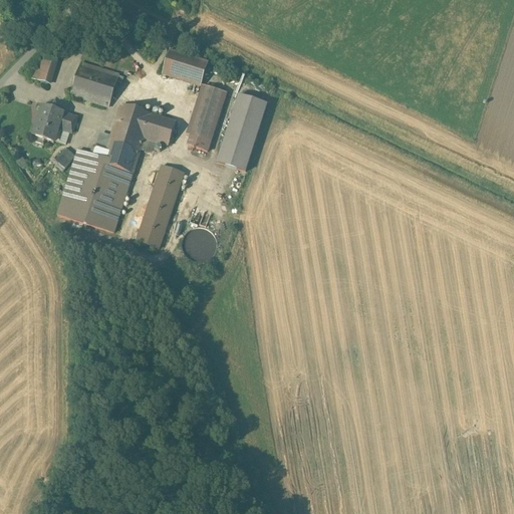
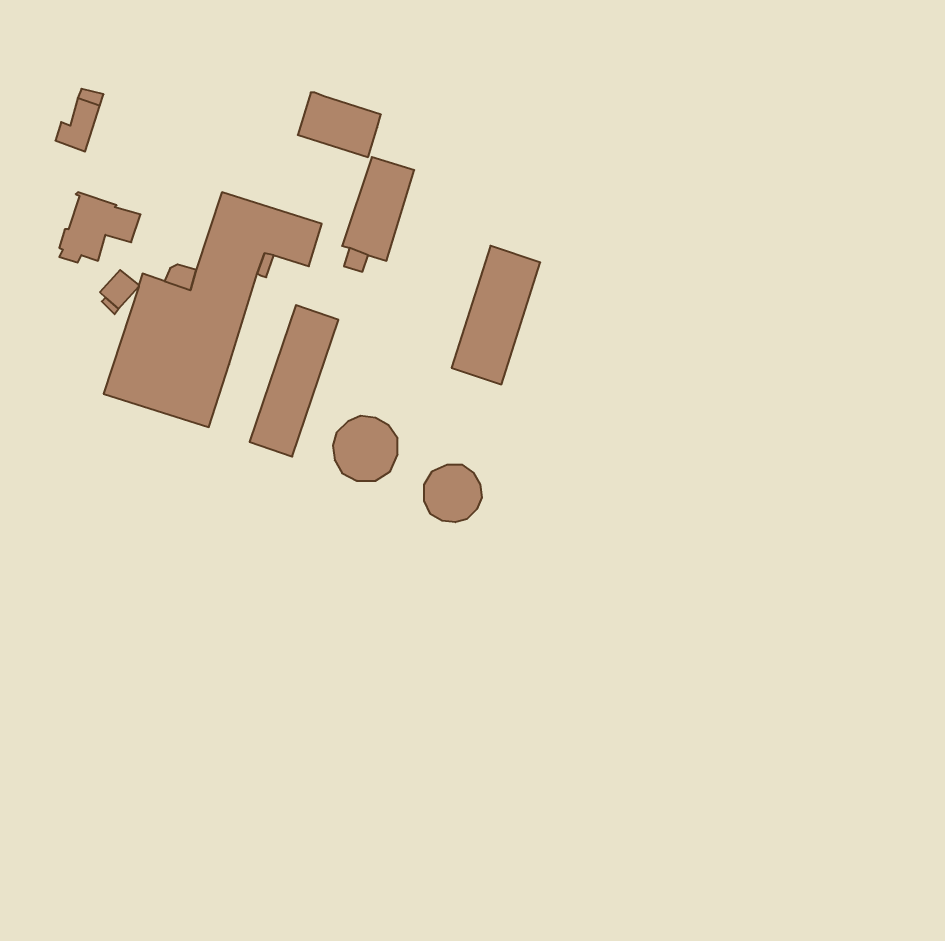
building: [70,62,118,105] -> none
building: [217,95,265,171] -> [452,246,540,384]
building: none -> [424,465,482,522]

